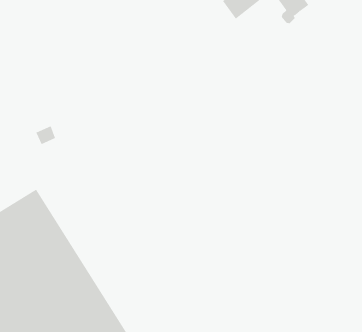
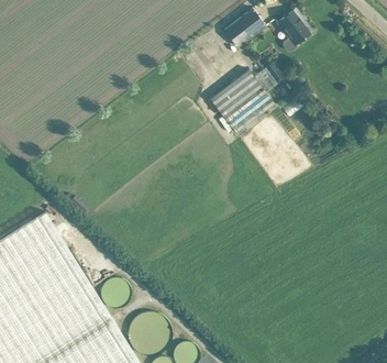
building: none -> [206,60,280,131]

